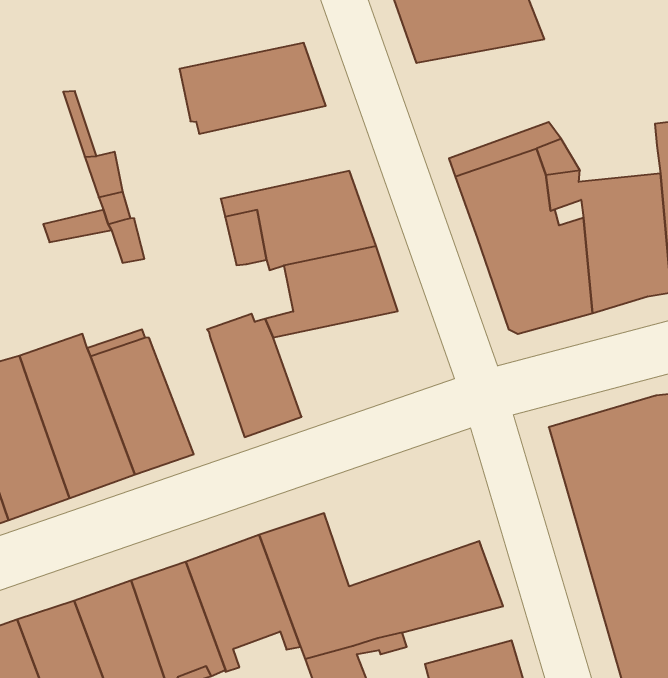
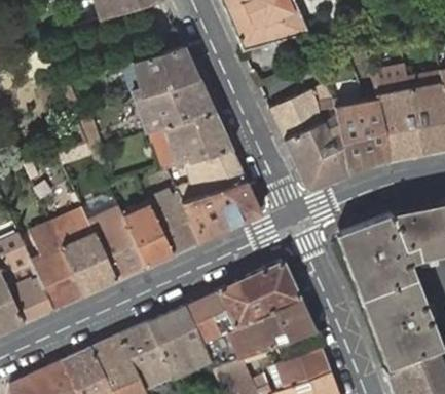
building: none -> [136,79,216,133]
building: none -> [184,183,263,242]
building: none -> [122,202,174,267]
building: none -> [219,262,301,328]

